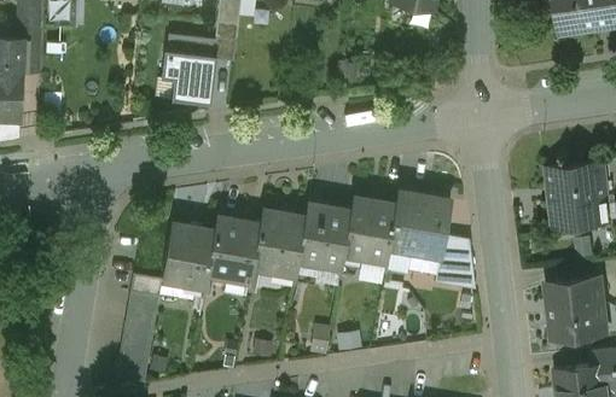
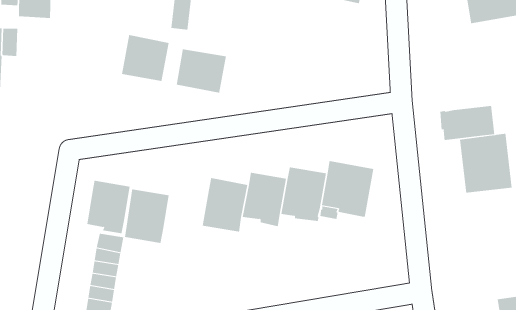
building: none -> [176,48,227,93]
building: none -> [440,105,495,141]
building: [208,218,258,280] -> [87,180,131,234]
building: [432,235,473,291] -> none
building: [546,278,606,341] -> none

